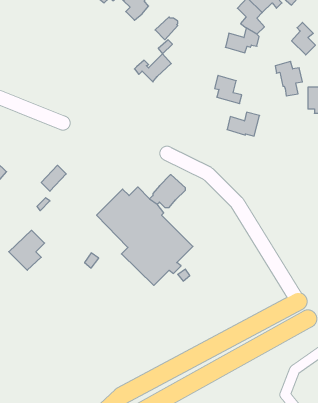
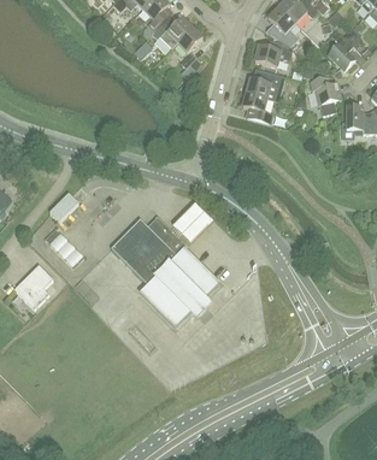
building: [134,54,171,82] -> [151,16,192,47]
building: [227,112,260,136] -> [246,72,282,99]

